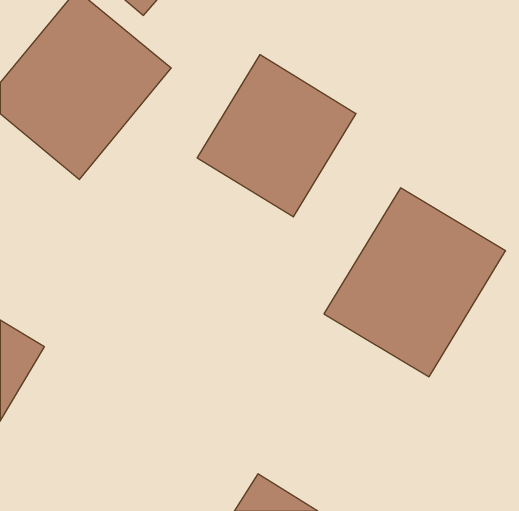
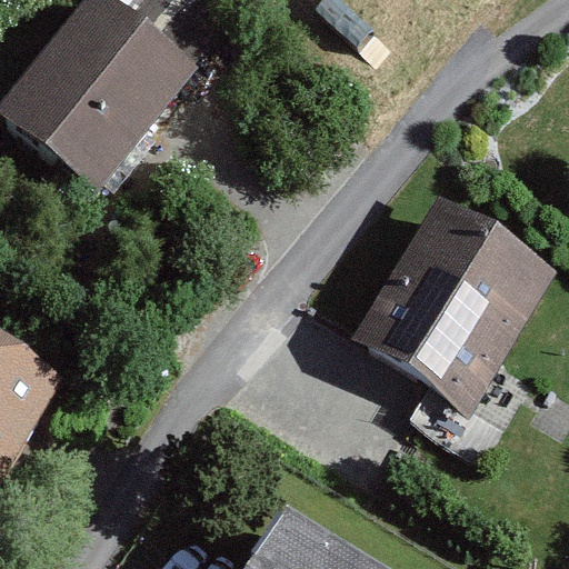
building: [197,55,356,217] -> none

